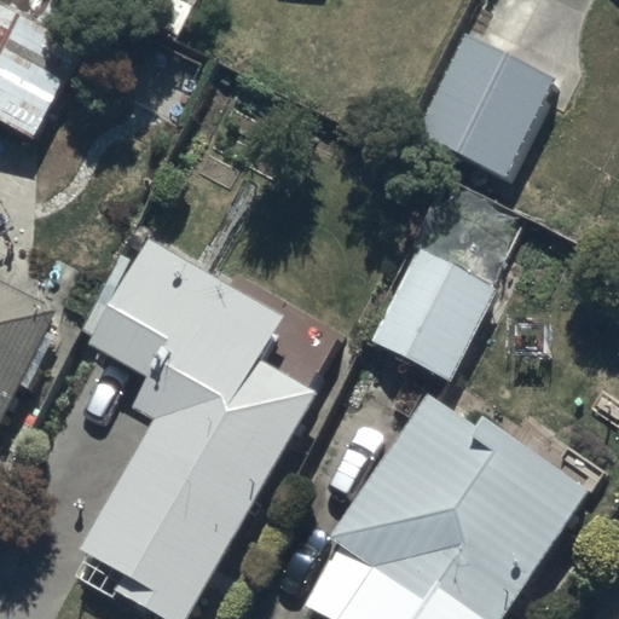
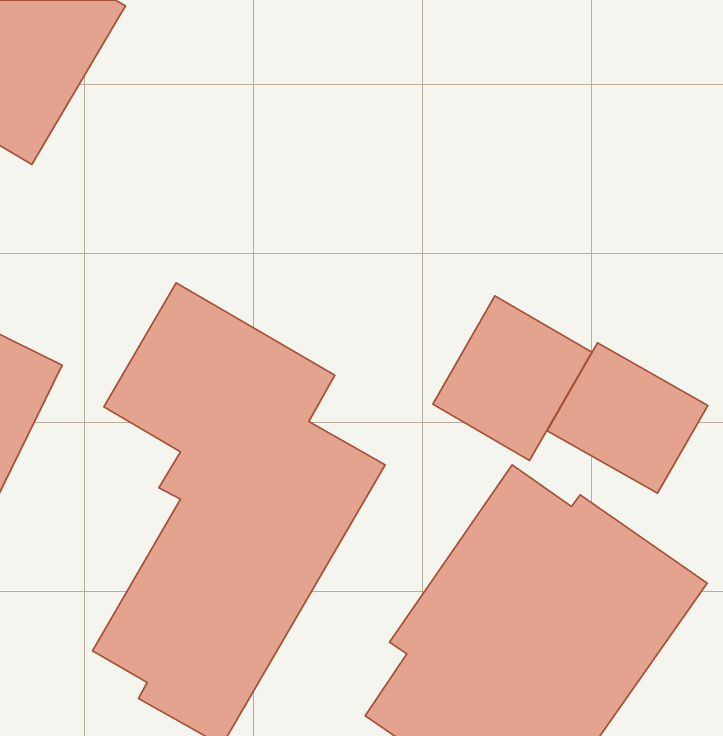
building: [407,33,554,184] -> none
building: none -> [547,343,708,493]

